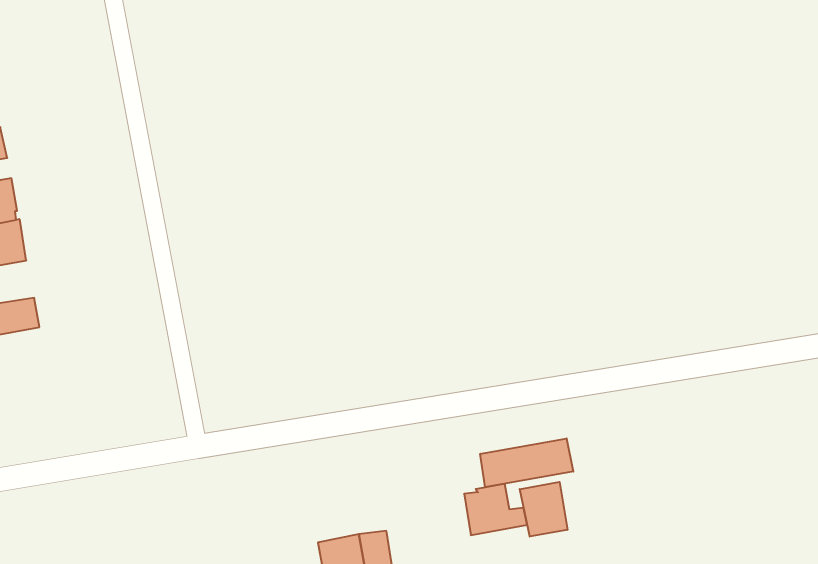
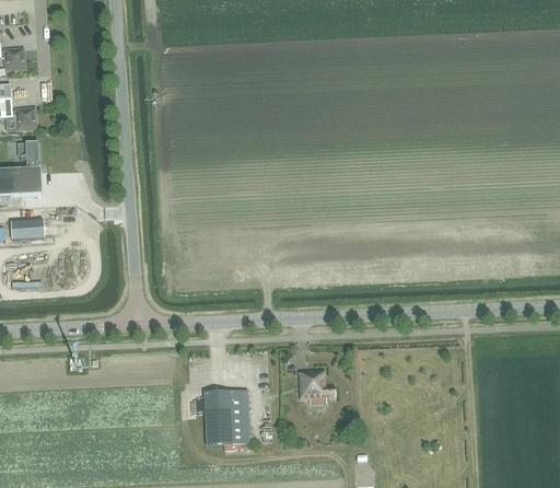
building: [480,438,573,487] -> none
building: [520,482,567,537] -> none

